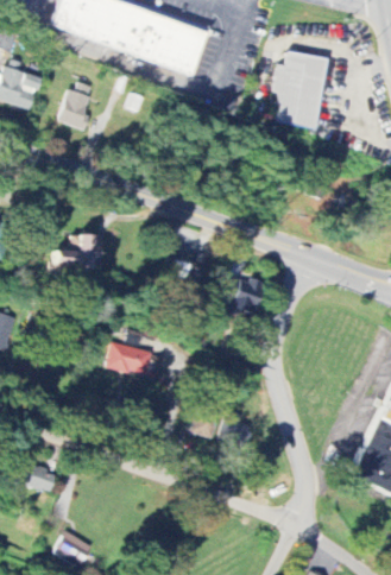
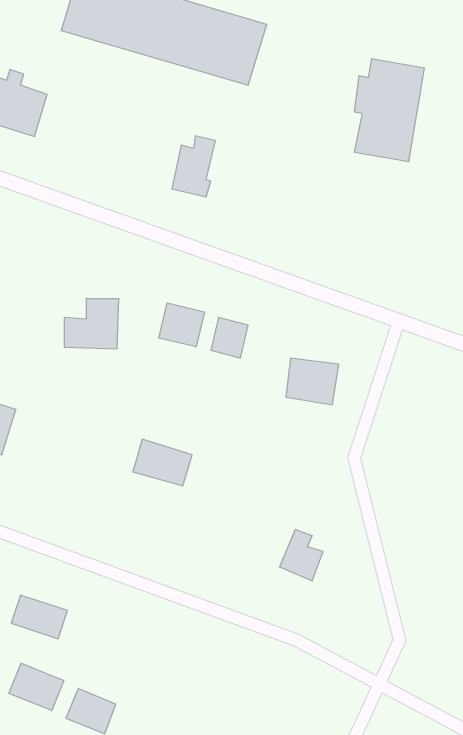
building: [59,82,93,128] -> [172,136,215,197]
building: none -> [159,303,204,347]
building: [183,410,219,440] -> none
building: none -> [9,663,64,711]

